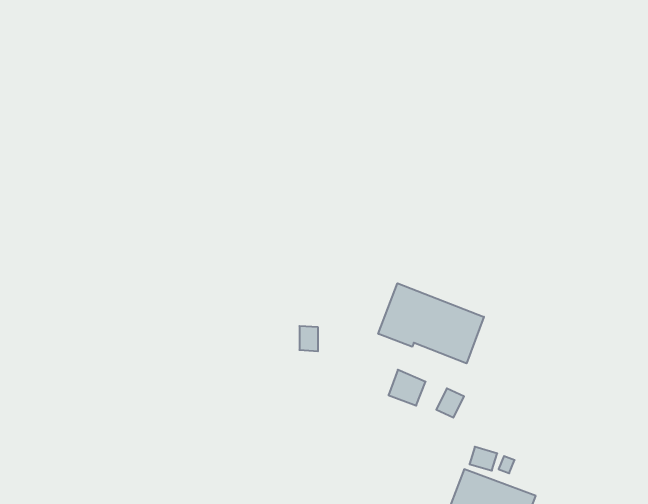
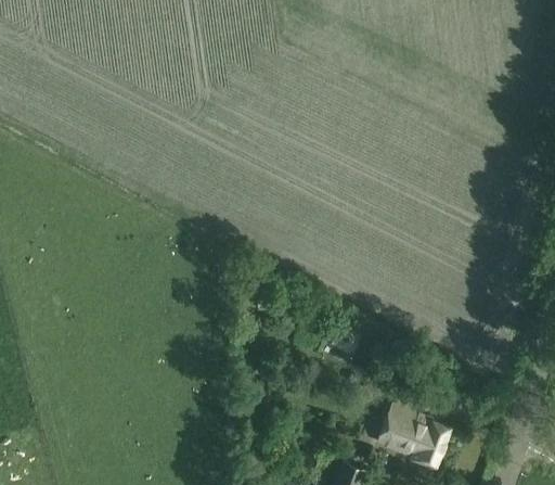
building: [378,283,484,363] -> none

